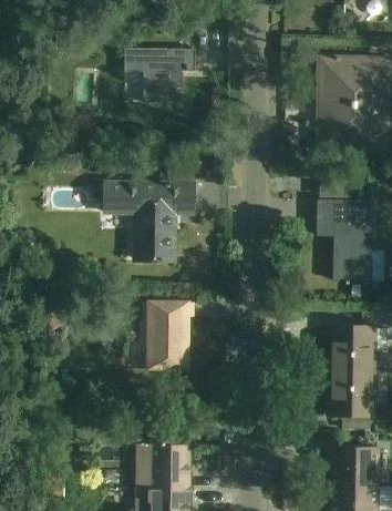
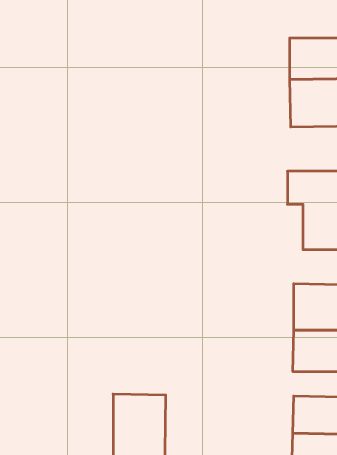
building: [123,50,202,102] -> none
building: [106,183,200,259] -> none
building: [147,300,194,371] -> none

